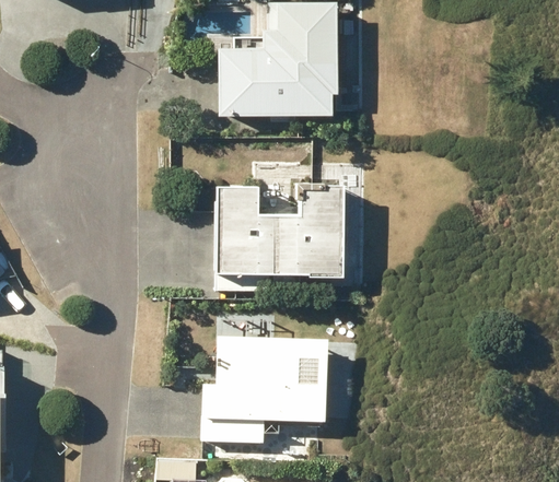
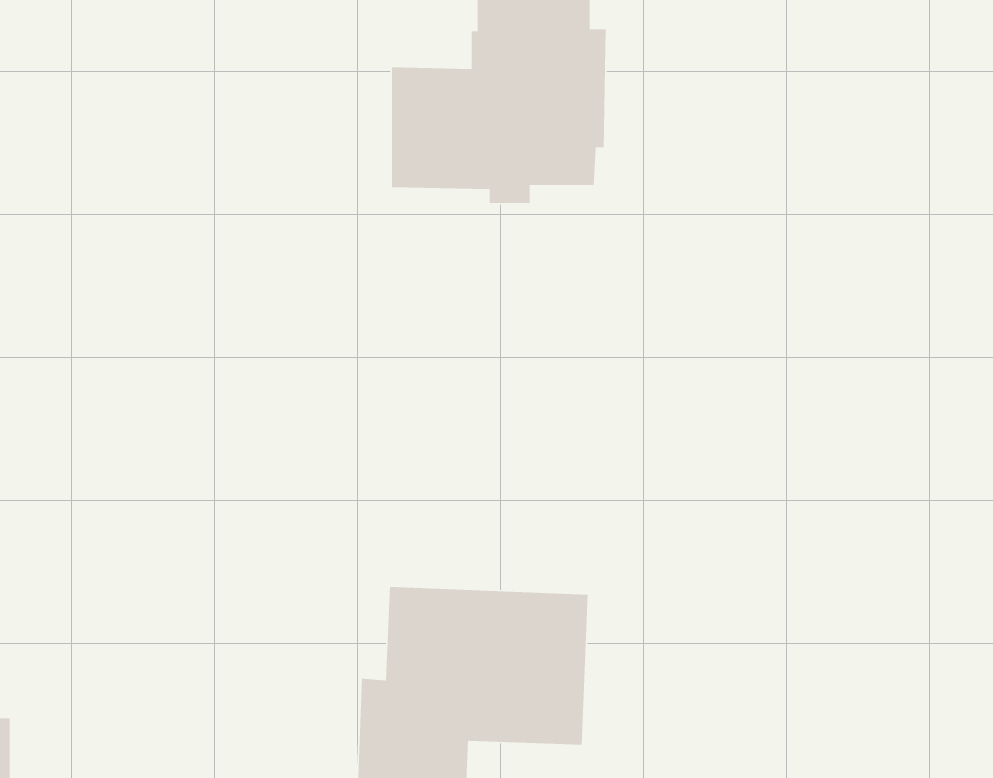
building: [217,181,345,294] -> none

